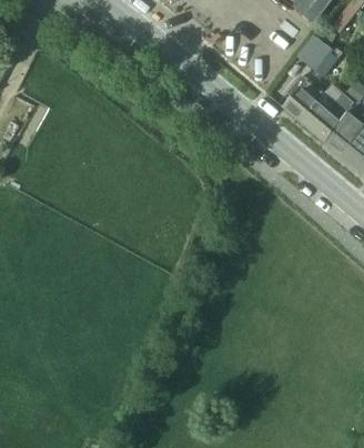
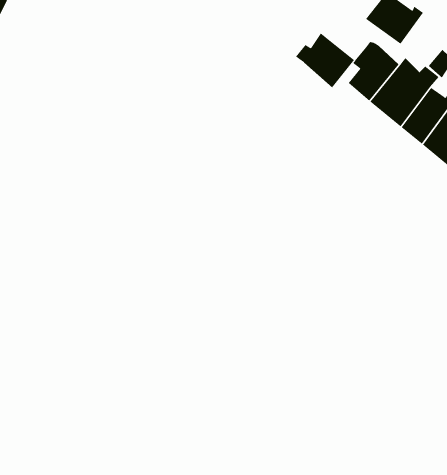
building: none -> [295,32,355,88]

